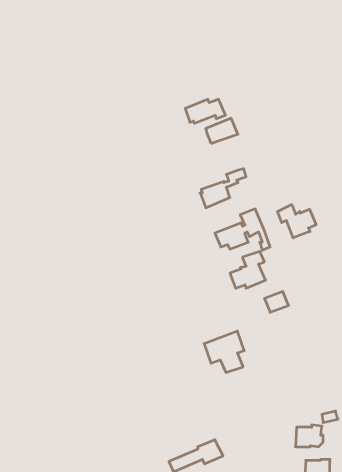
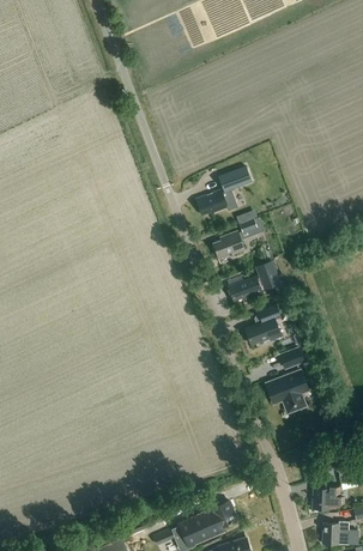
building: [185,99,225,123] -> [196,190,238,216]
building: [278,205,316,238] -> none
building: [204,331,244,372] -> [266,370,308,413]

